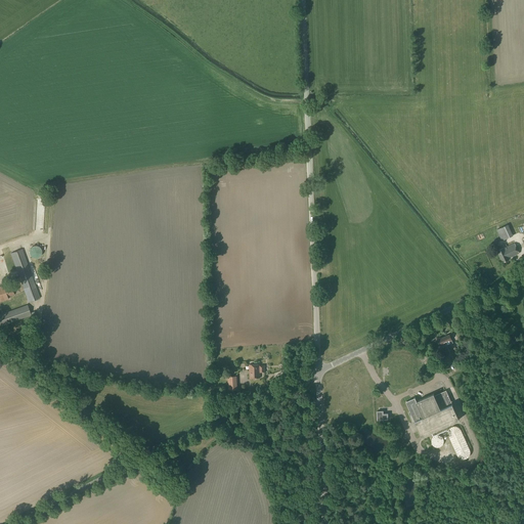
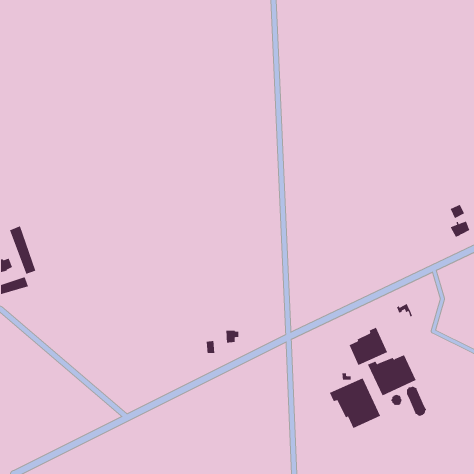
building: none -> [349,327,388,366]
building: none -> [329,377,381,429]

